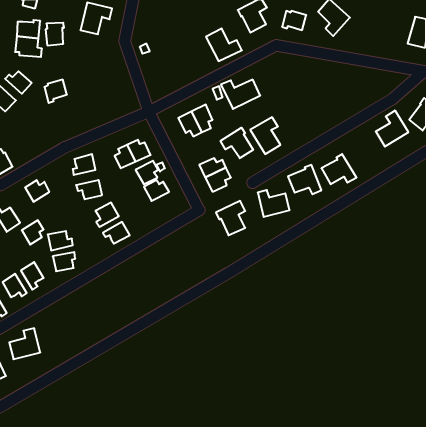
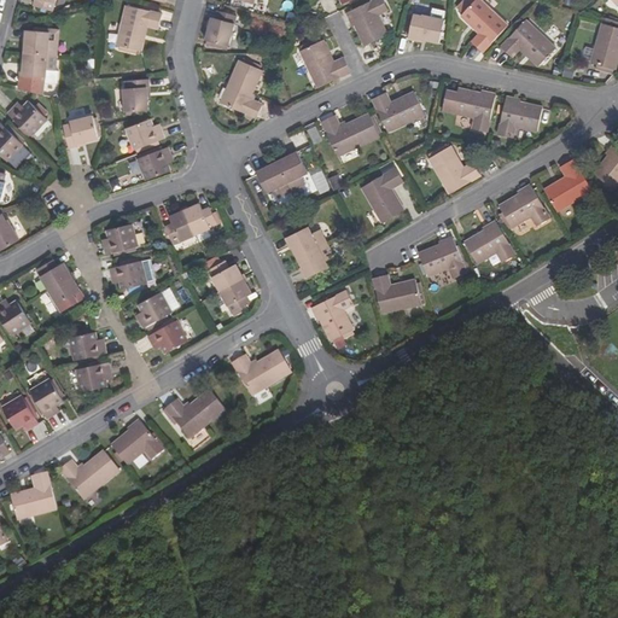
building: none -> [204,7,235,42]
building: none -> [499,19,552,65]
building: [46,23,64,45] -> [121,78,147,111]
building: none -> [218,60,261,117]
building: none -> [439,88,492,132]
building: none -> [369,93,421,133]
building: none -> [496,97,540,138]
building: none -> [124,119,163,150]
building: none -> [136,146,170,179]
building: none -> [426,147,479,193]
building: [221,128,253,158] -> none
building: none -> [499,186,548,228]
building: [136,161,158,184] -> [218,276,251,310]
building: [22,220,44,245] -> [48,276,80,311]
building: none -> [234,351,292,395]
building: none -> [168,389,227,437]
building: none -> [113,419,164,464]
building: none -> [62,450,121,499]

